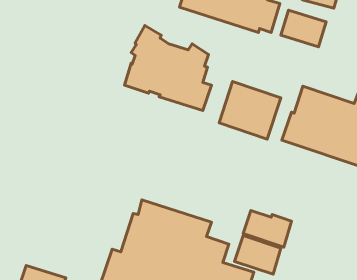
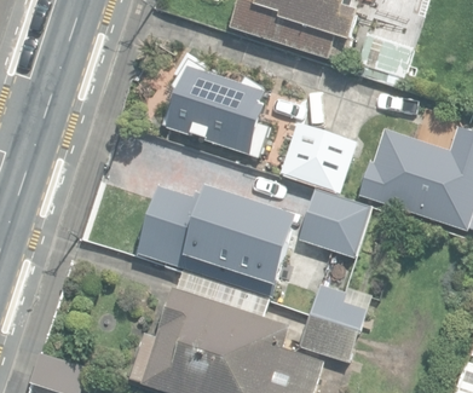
building: none -> [137,186,299,297]
building: none -> [299,189,370,258]

